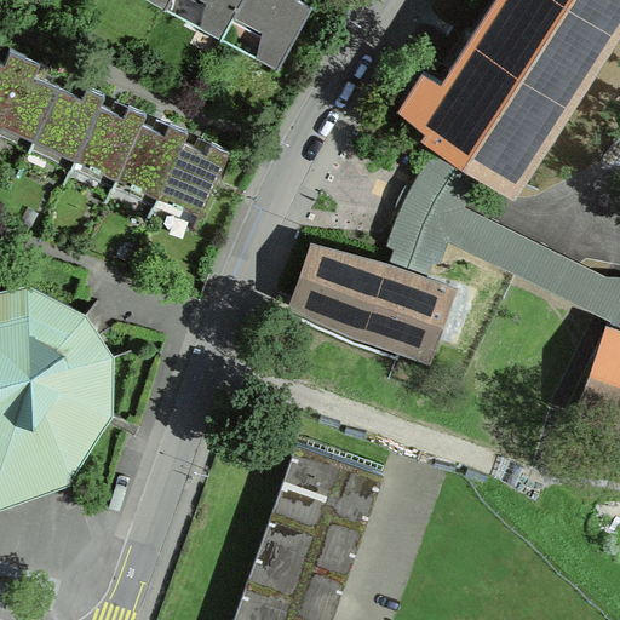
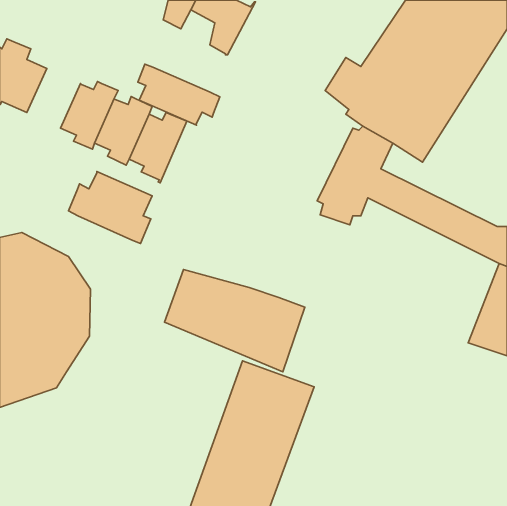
building: none -> [138,64,220,125]
building: [33,84,103,166] -> none
building: none -> [68,171,152,243]
building: [287,242,458,367] -> [165,270,305,372]

